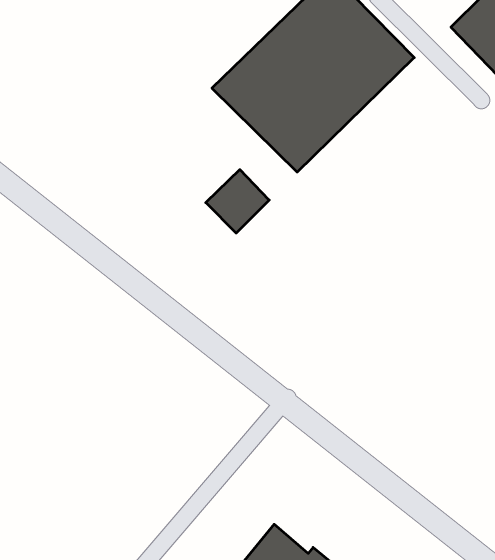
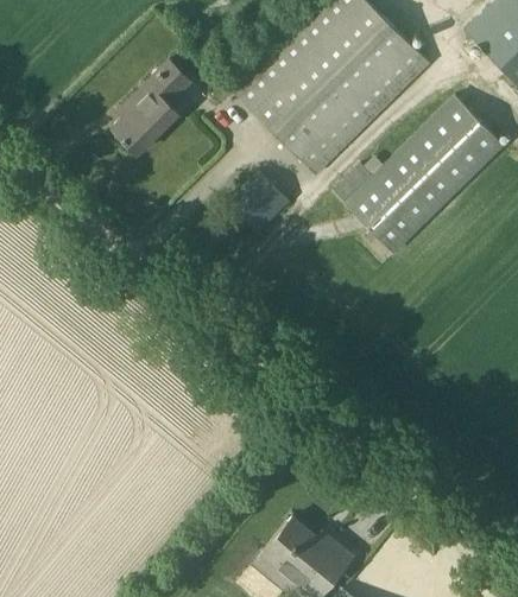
building: none -> [113,59,191,153]
building: none -> [334,94,504,252]

